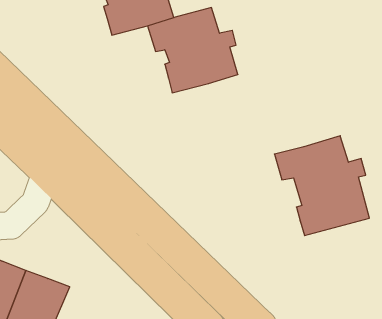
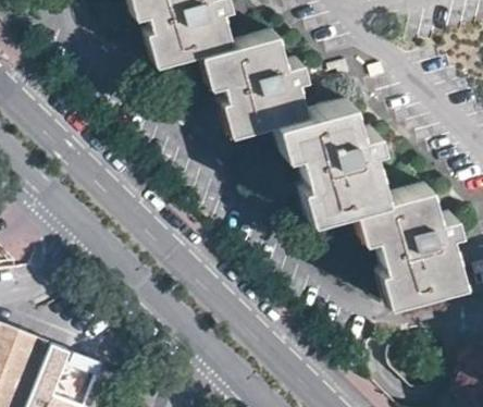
building: none -> [275,103,388,221]

